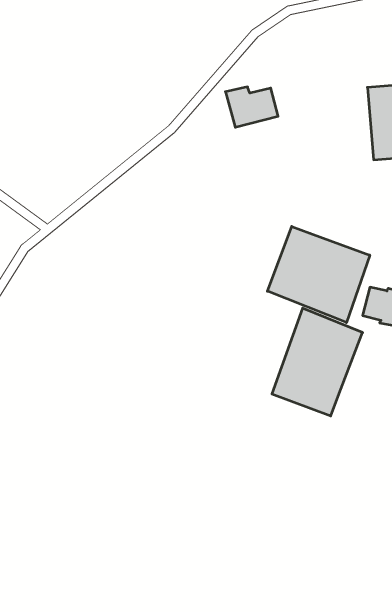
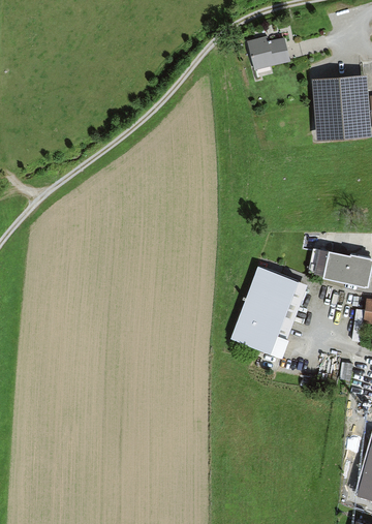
building: [225,87,278,127] -> [246,36,290,70]
building: [267,226,370,323] -> none

